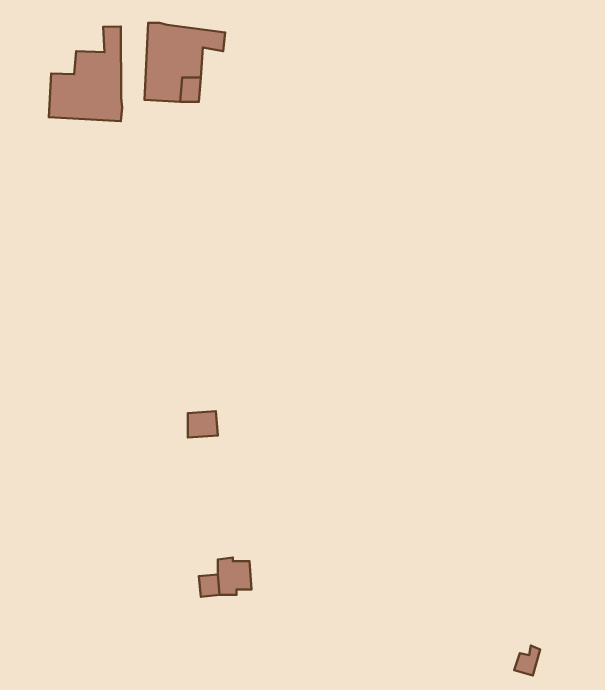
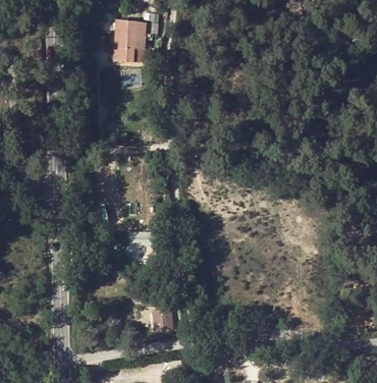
building: [49,27,122,121] -> none

